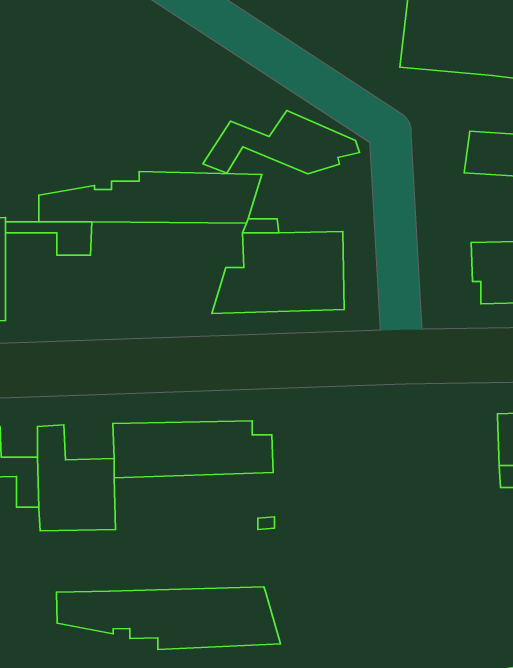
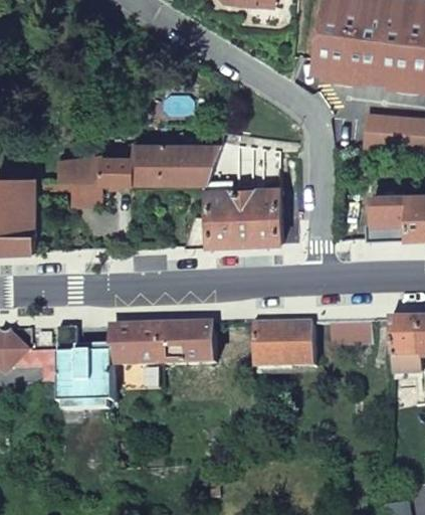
building: [203,111,359,174] -> none
building: none -> [329,321,370,346]
building: none -> [251,323,312,369]
building: [57,587,280,649] -> none

